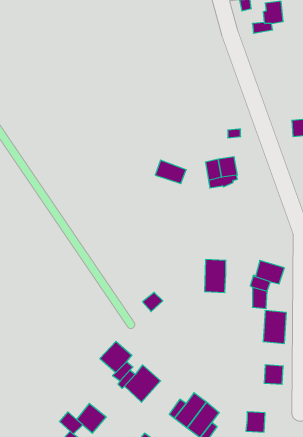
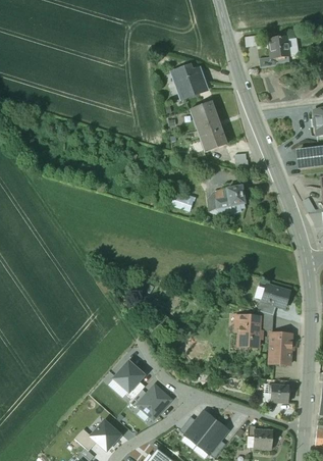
building: none -> [171,65,207,98]
building: none -> [193,101,226,150]
building: [205,260,226,293] -> [238,315,259,347]

